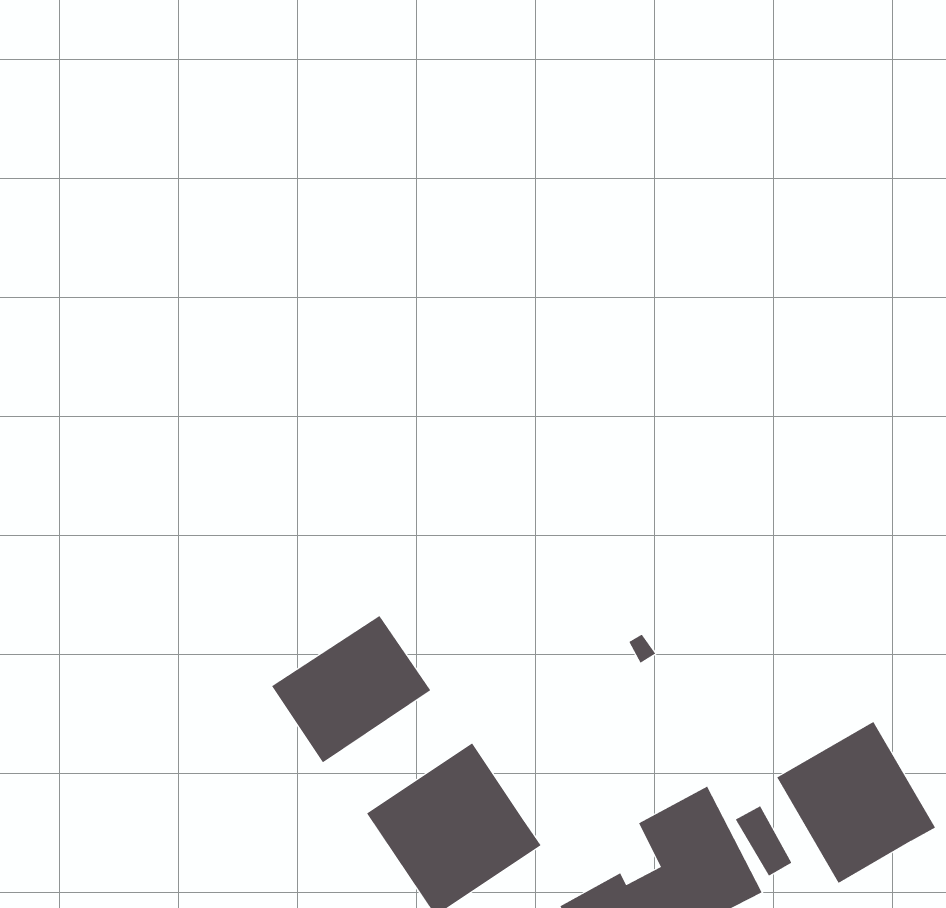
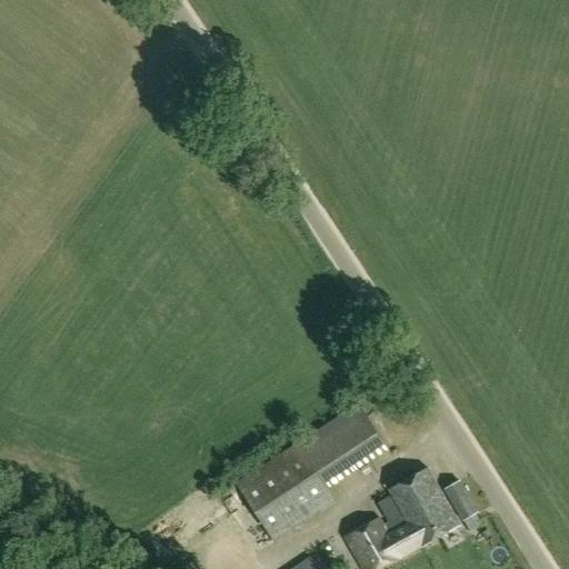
building: [271,615,431,763] -> [295,402,385,486]
building: [776,721,936,884] -> none

